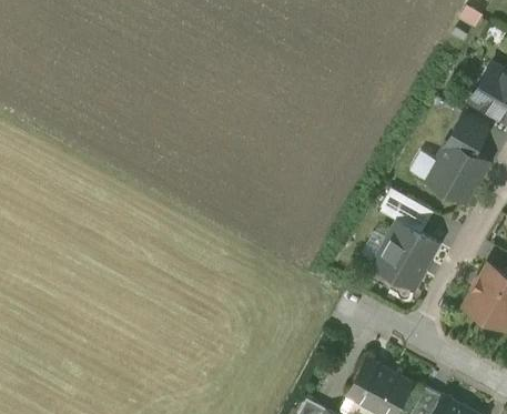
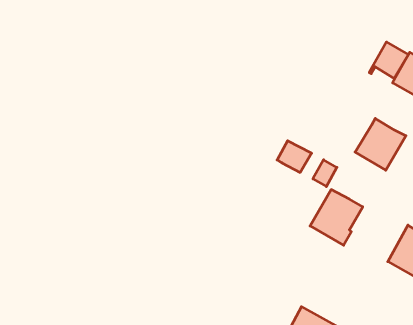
building: [444,113,489,155] -> [369,42,409,78]
building: [394,199,434,235] -> [277,141,312,172]

